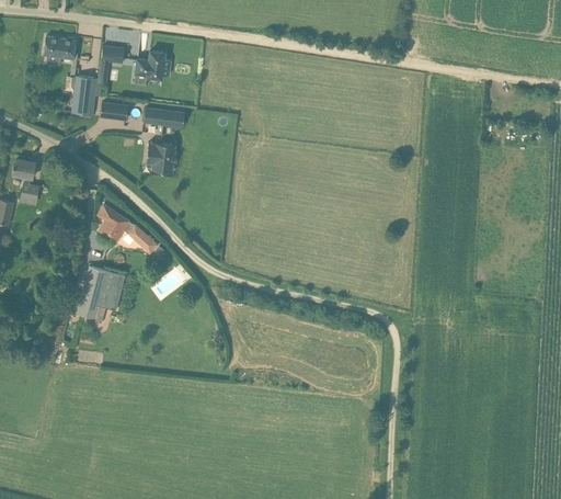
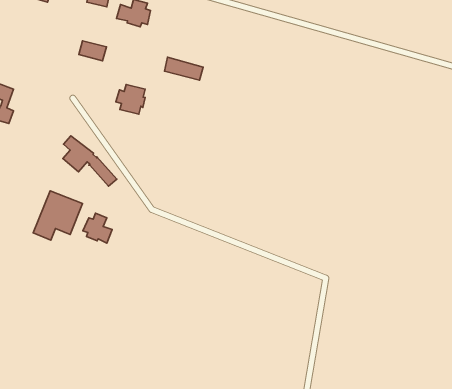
building: [71,76,96,115] -> none
building: [144,107,184,127] -> [165,57,203,80]
building: none -> [83,213,112,243]

